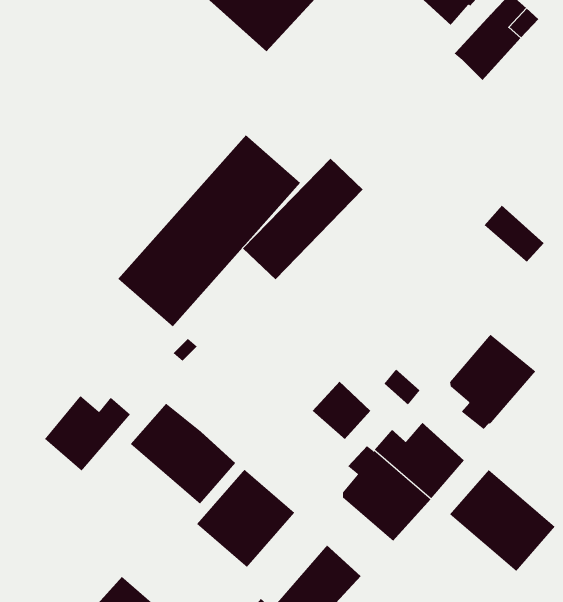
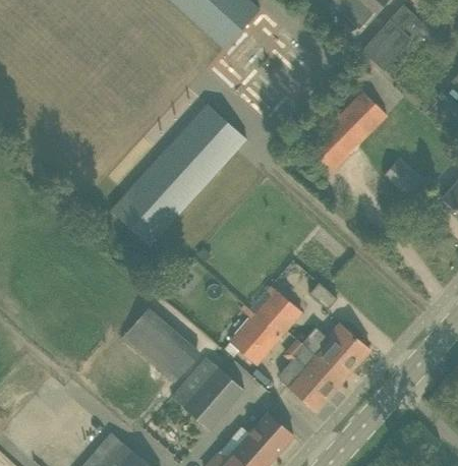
building: [242,158,364,280] -> [297,91,387,181]
building: [450,334,536,430] -> none
building: [44,395,131,471] -> none
building: none -> [230,313,281,364]
building: [449,469,556,572] -> none

